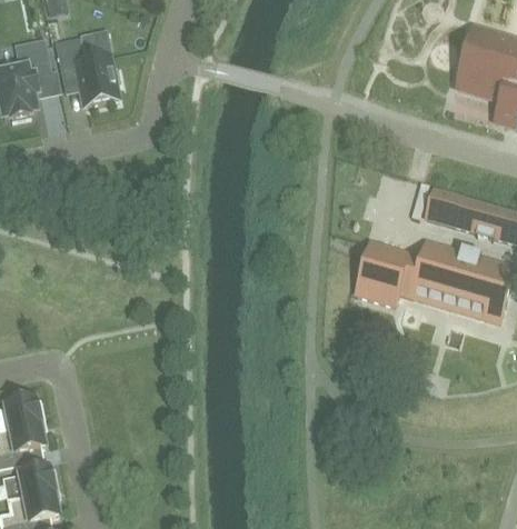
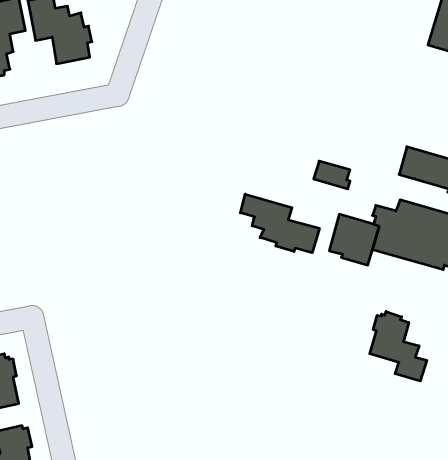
building: none -> [240,194,319,253]
building: [366,239,402,267] -> [314,161,350,189]
building: none -> [370,311,427,381]

